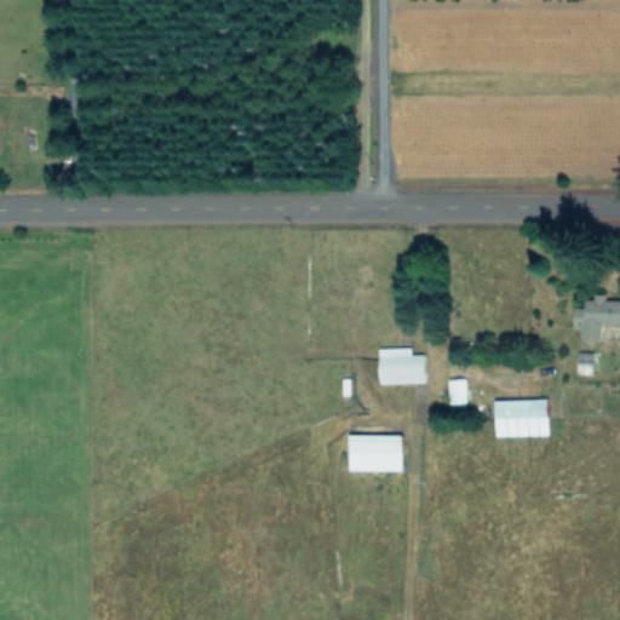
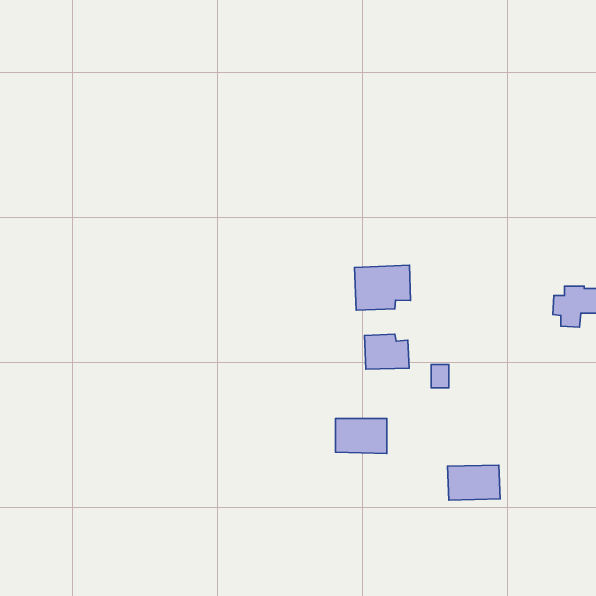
building: none -> [355,265,411,310]
building: [494,400,549,436] -> [448,465,500,500]

